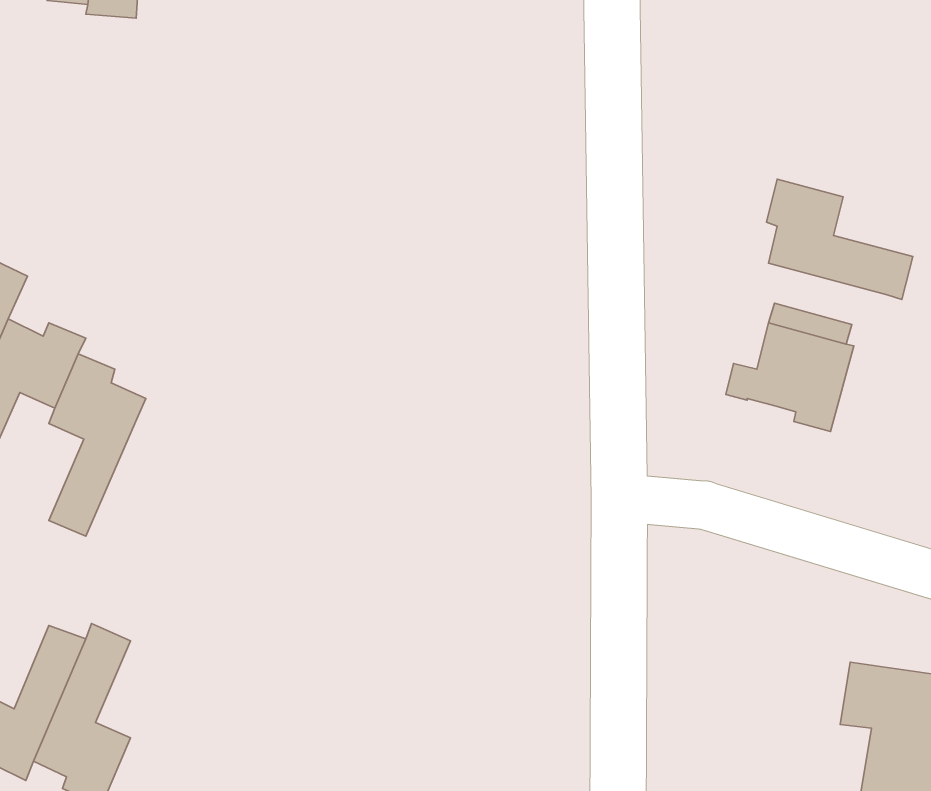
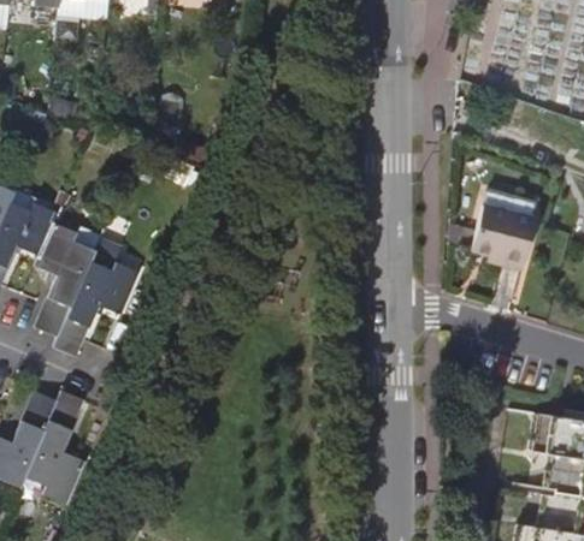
building: [766,179,913,300] -> none
building: none -> [54,261,138,356]

